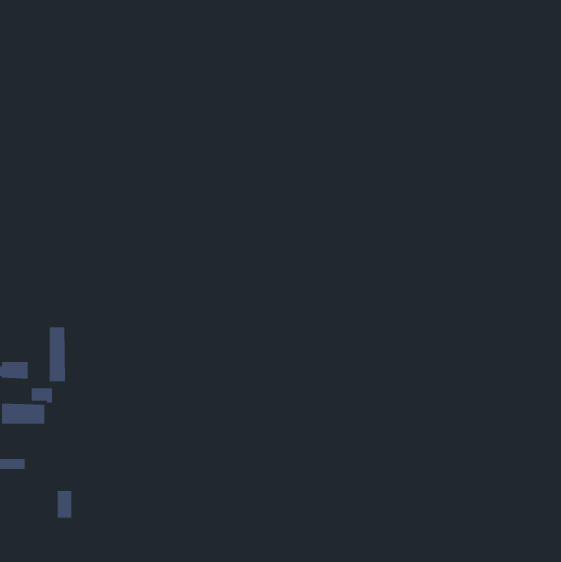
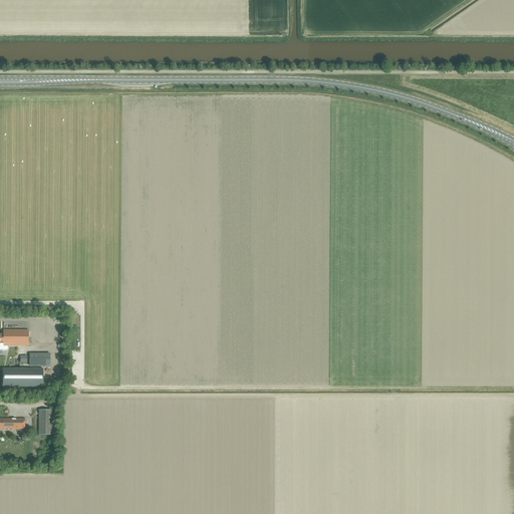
building: [49,327,66,382] -> none
building: [57,491,72,518] -> [37,410,51,435]

